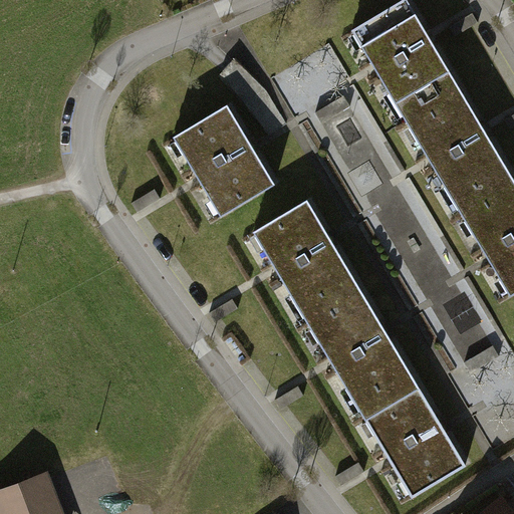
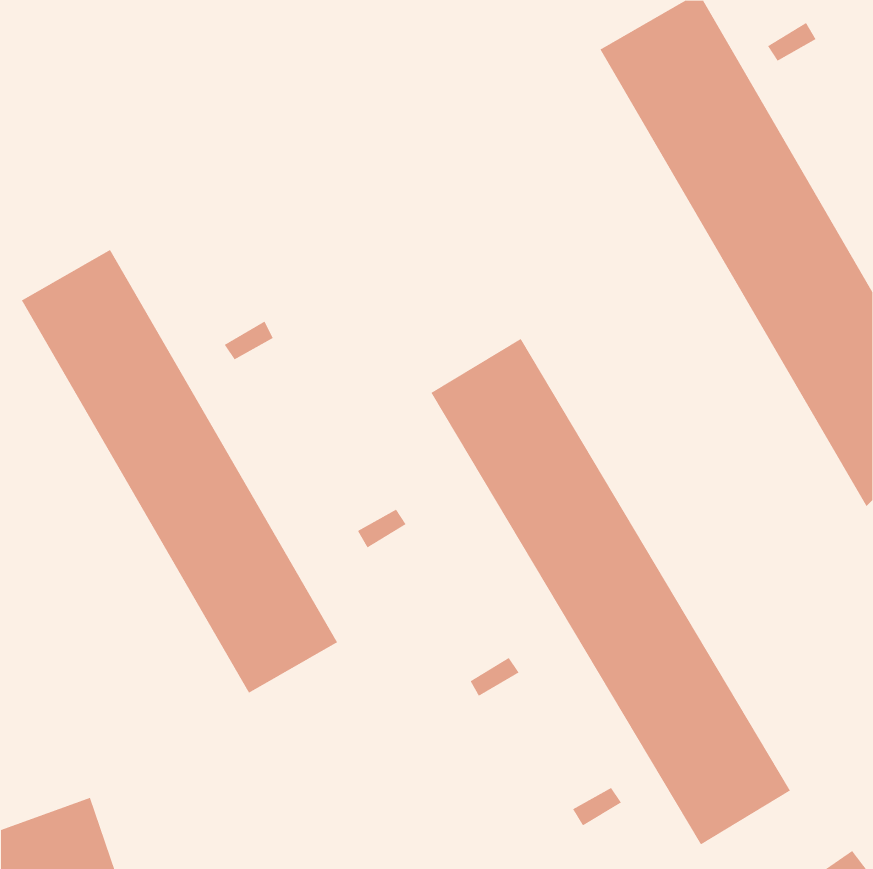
building: [174,99,282,217] -> none
building: none -> [21,249,338,693]

